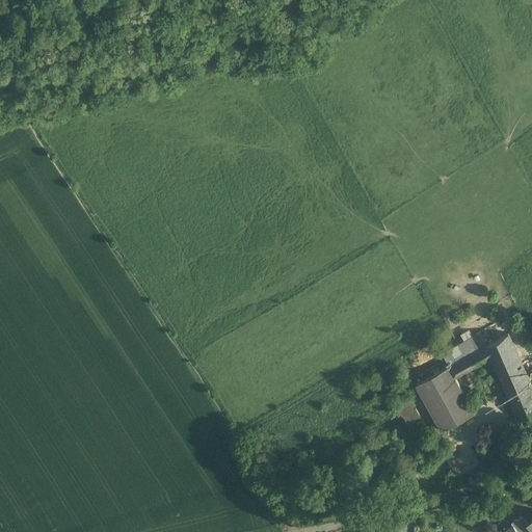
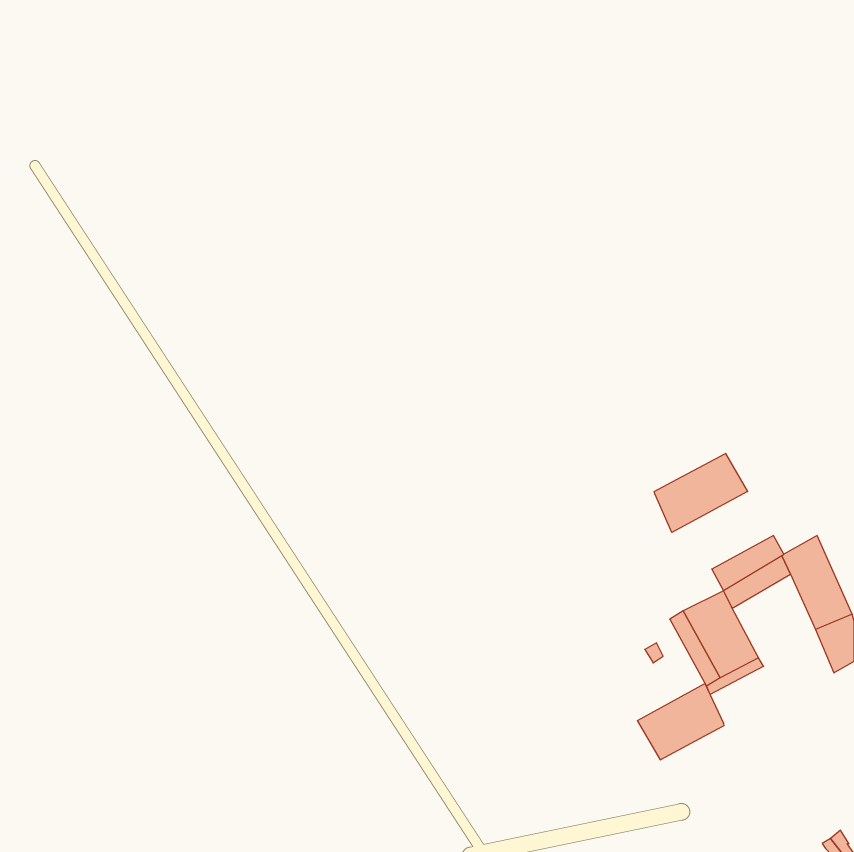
building: none -> [654,453,748,532]
building: none -> [637,684,724,760]

